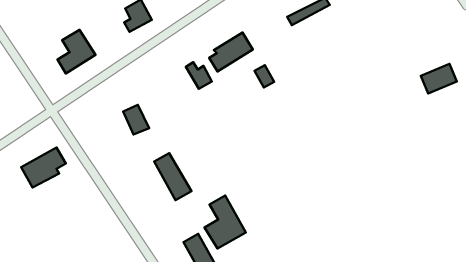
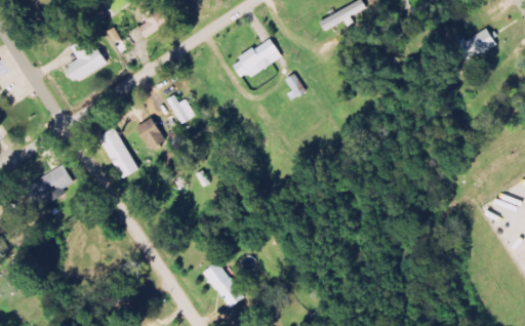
building: [186,62,212,89] -> [165,94,194,124]
building: [421,64,457,94] -> [456,29,496,62]
building: [154,153,191,200] -> [97,127,138,179]
building: [205,196,246,249] -> none

